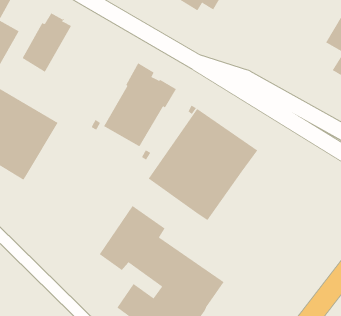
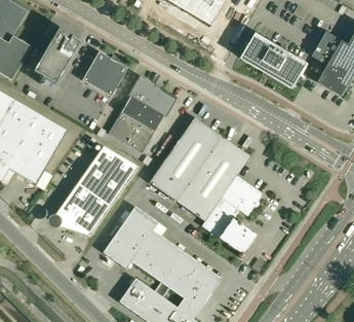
building: none -> [243,32,309,86]
building: none -> [82,50,127,96]
building: none -> [55,145,137,235]
building: none -> [201,175,261,256]

